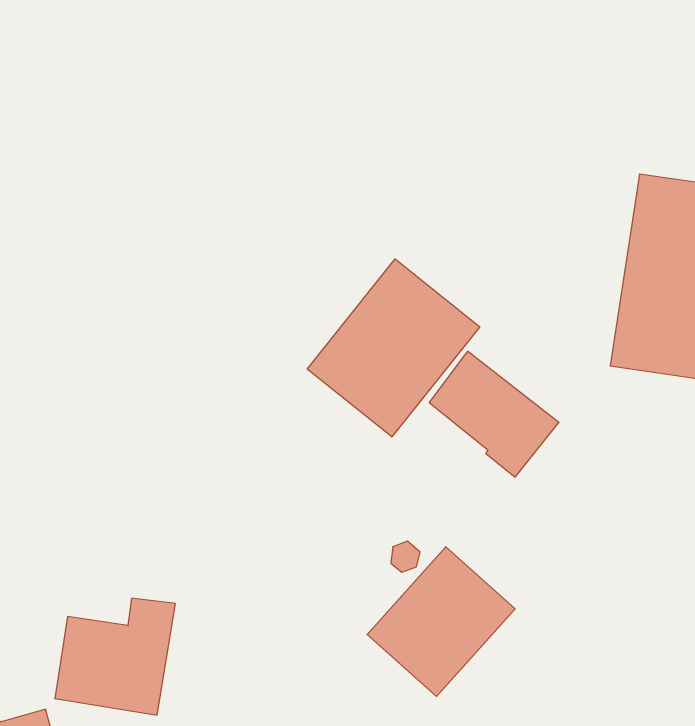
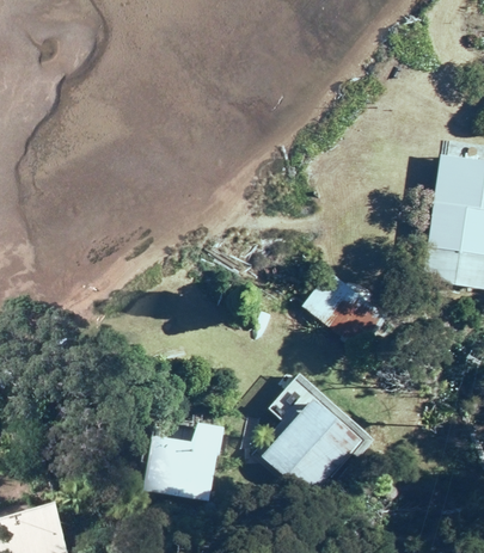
building: [307,259,480,437] -> none
building: [55,598,175,715] -> [143,420,222,497]

